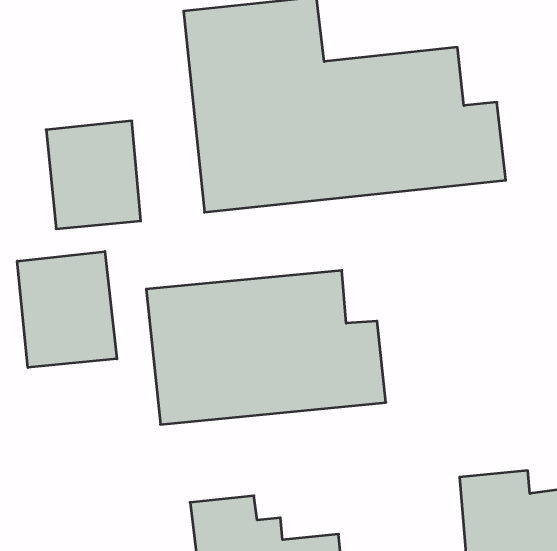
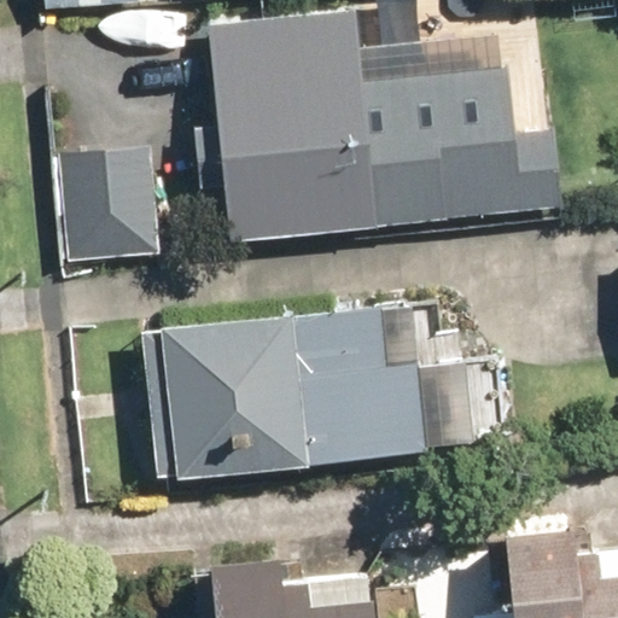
building: [17,251,117,368] -> none

